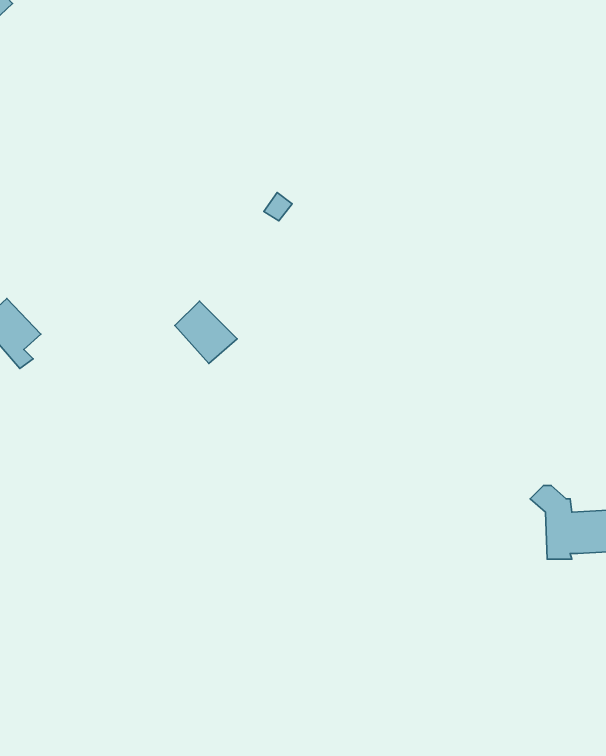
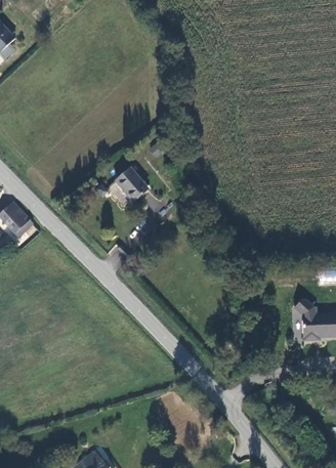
building: [175,301,237,363] -> [115,169,149,203]

